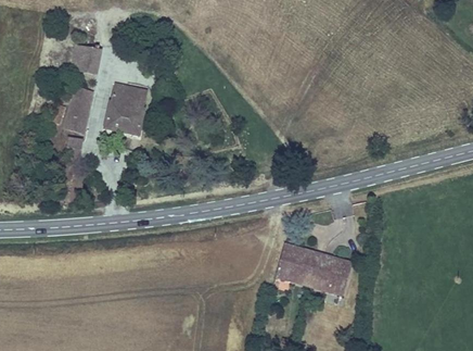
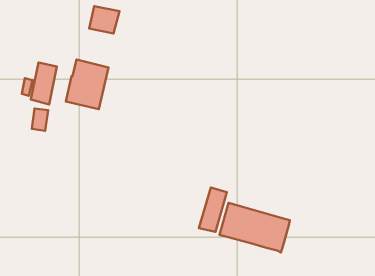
building: [68,43,102,74] -> [89,6,119,33]
building: none -> [199,187,227,232]

